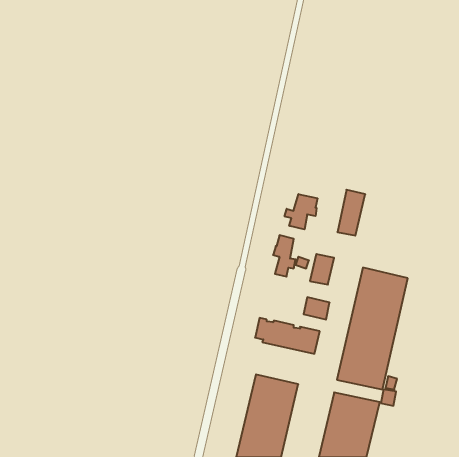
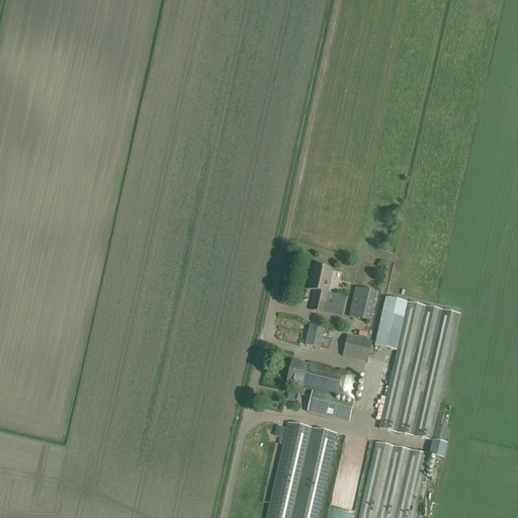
building: [337,190,365,236] -> [375,296,407,348]
building: [285,194,317,229] -> none
building: none -> [305,324,331,349]
building: none -> [309,391,353,420]

